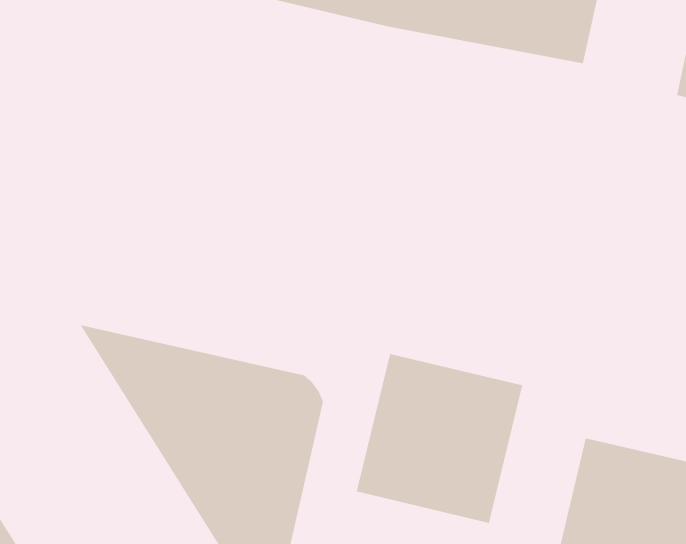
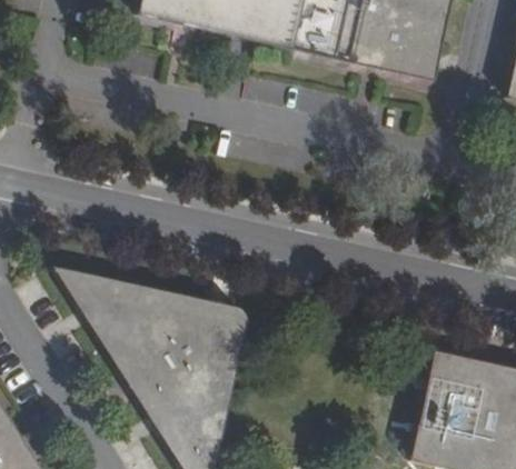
building: [356,353,523,524] -> none

